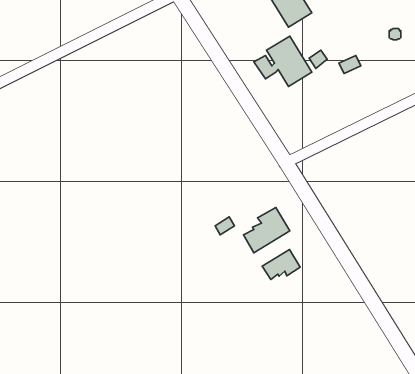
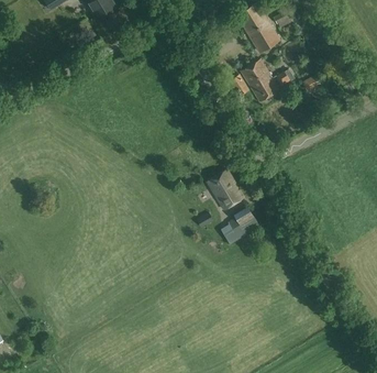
building: none -> [207,171,242,209]
building: [262,250,300,279] -> none

